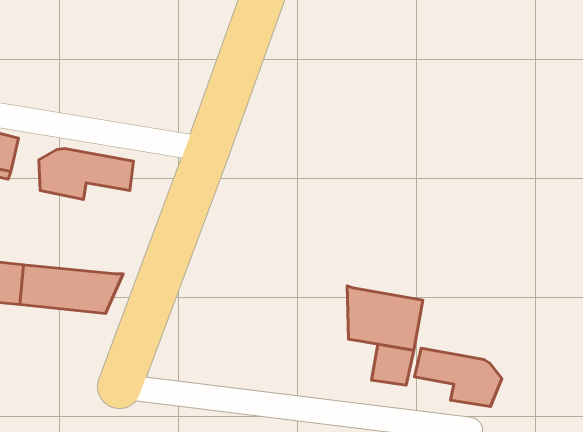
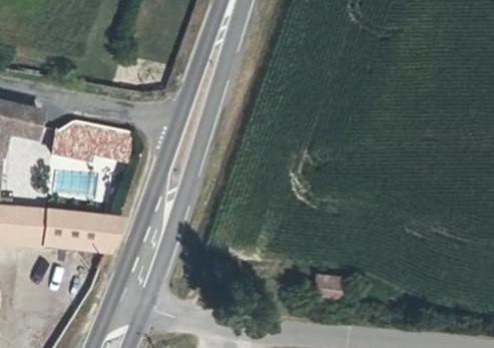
building: [347,286,423,350] -> none
building: [414,348,502,407] -> none

